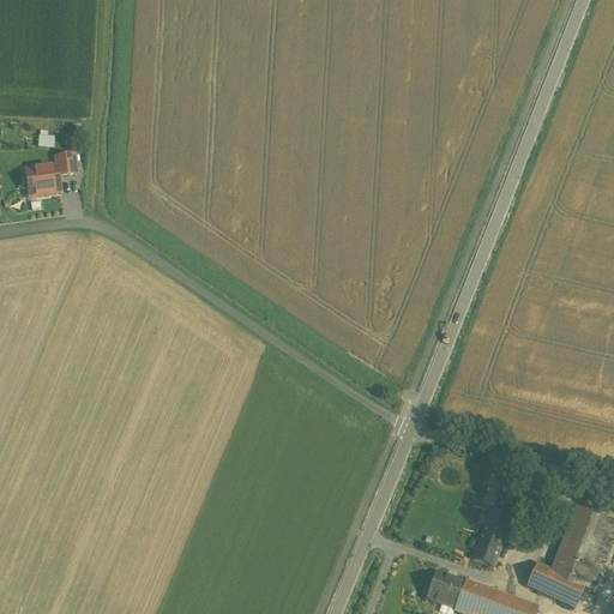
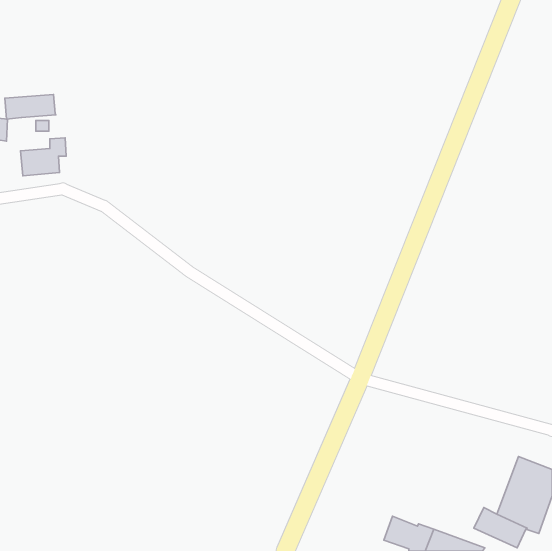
building: none -> [5,95,56,119]
building: [471,511,507,565] -> none

